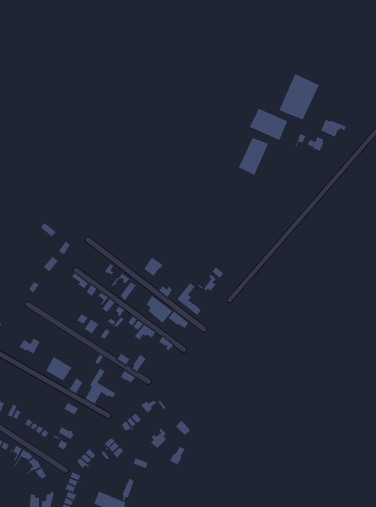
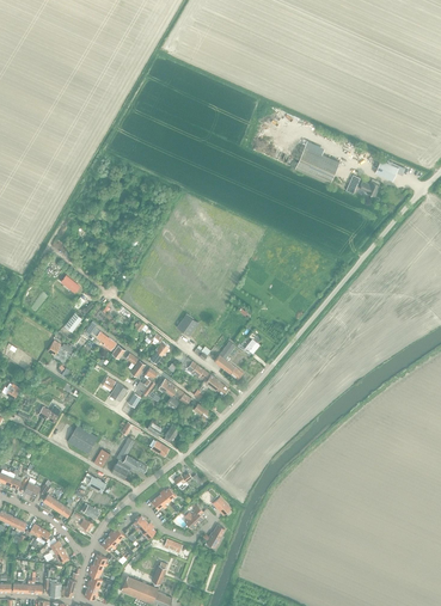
building: [278,73,320,121] -> none
building: [238,137,269,176] -> none

